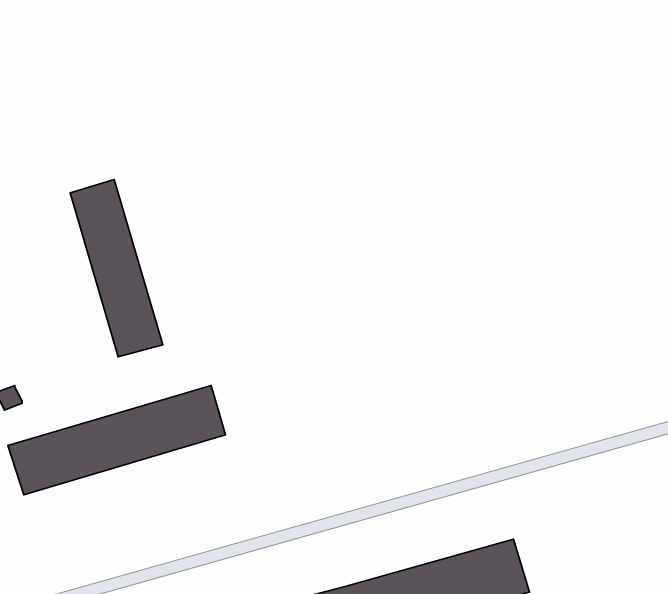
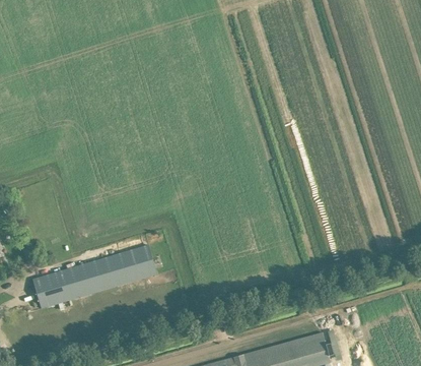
building: [70,179,163,357] -> none

